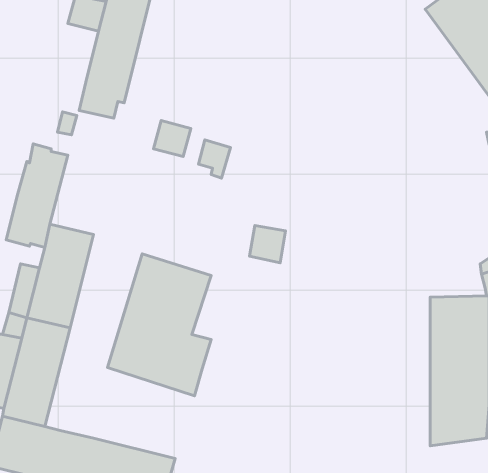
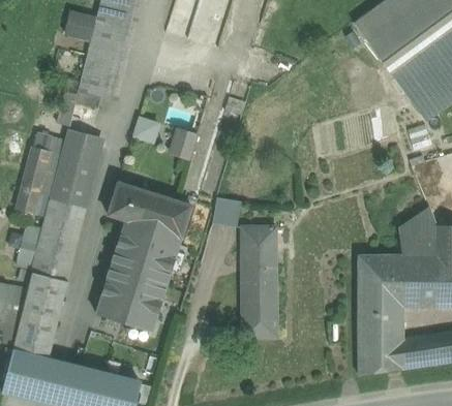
building: none -> [51,135,102,205]
building: none -> [108,183,191,238]
building: none -> [242,226,276,338]

